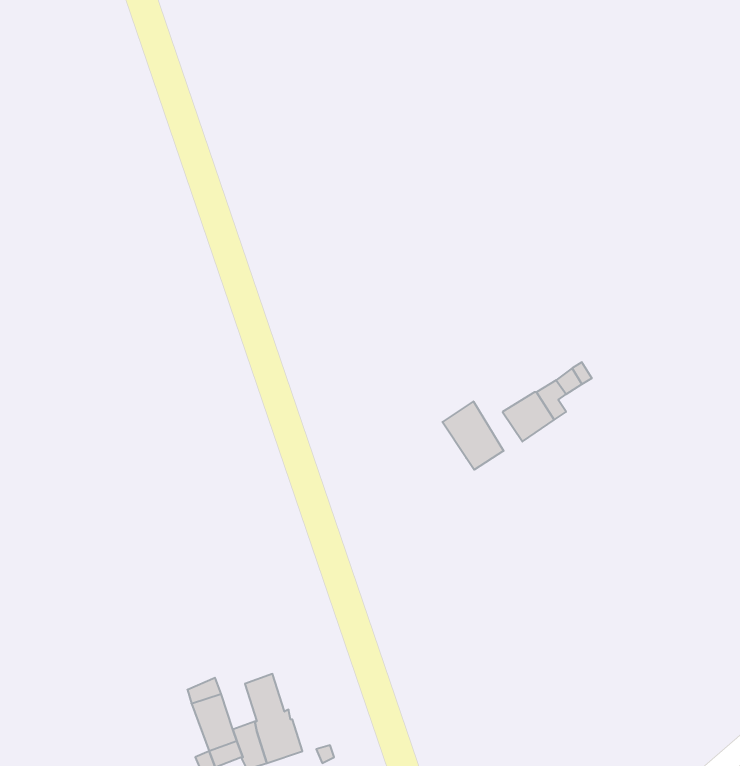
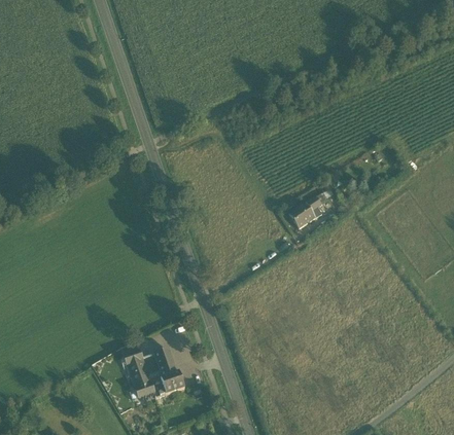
building: [442,401,504,470] -> none

